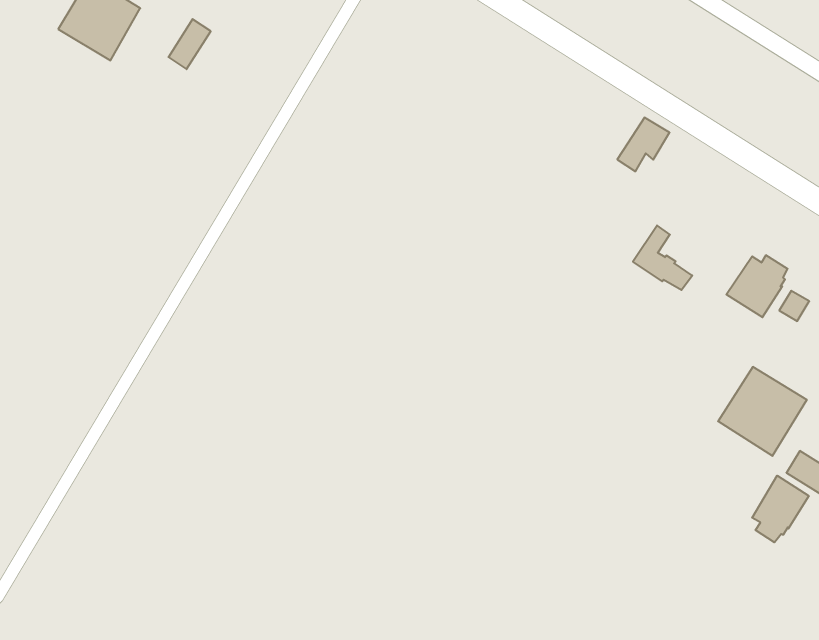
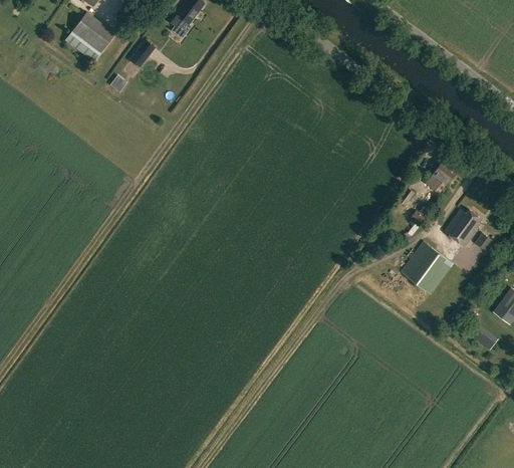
building: [617,118,670,171] -> [425,160,457,191]
building: [718,367,807,456] -> [401,241,454,294]
building: [752,476,809,542] -> none

